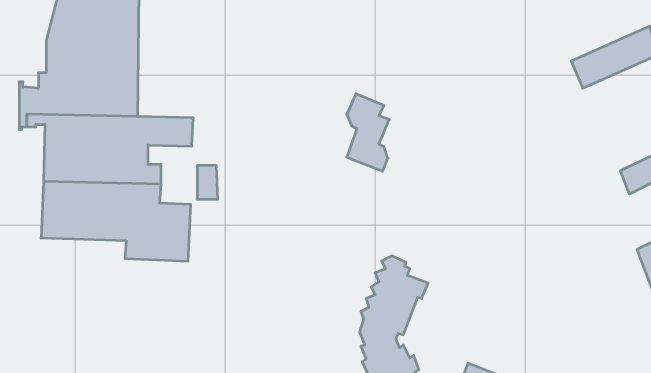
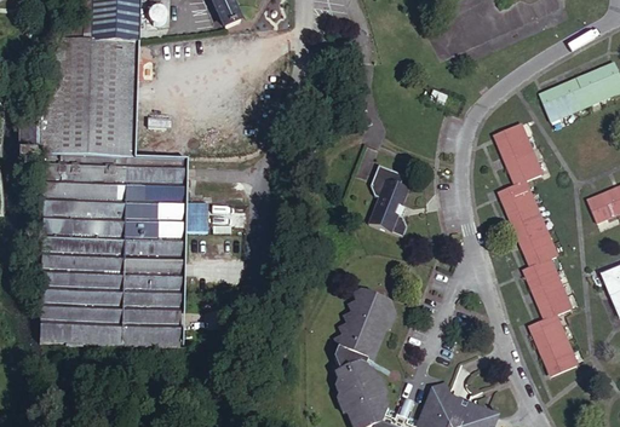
building: [347,94,389,171] -> [371,158,411,231]
building: none -> [493,131,579,380]
building: none -> [142,178,183,233]
building: none -> [40,265,179,339]

